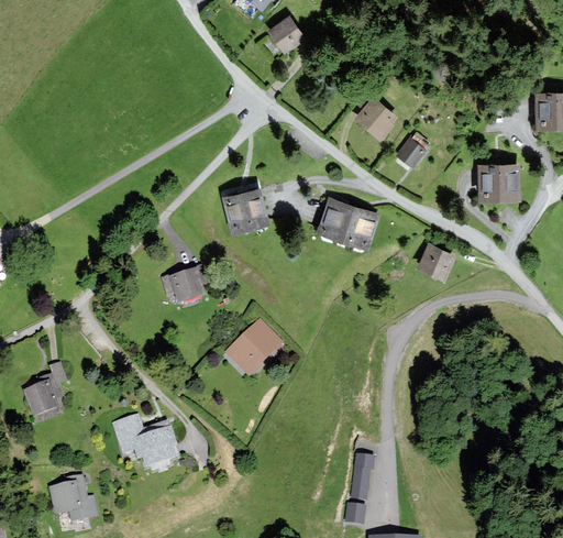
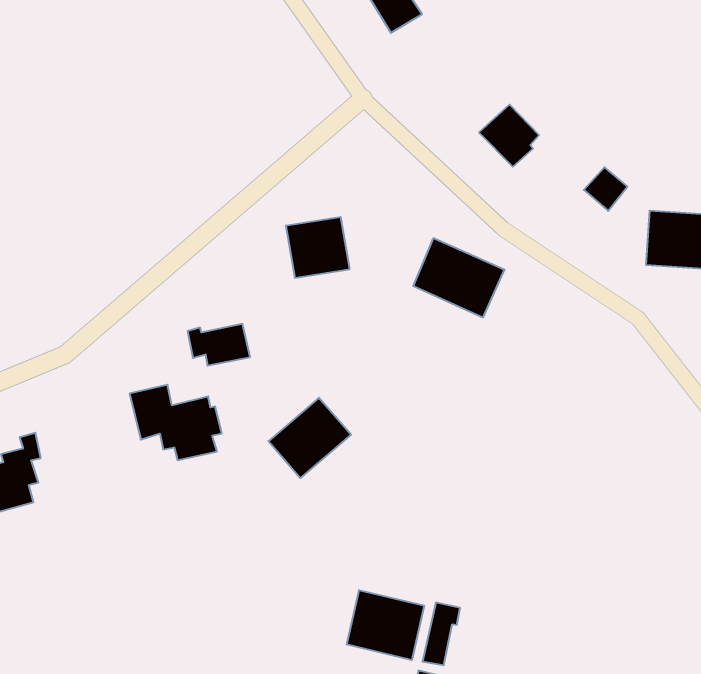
building: [394,138,424,168] -> [584,167,627,211]
building: [418,242,457,279] -> none
building: [110,414,178,466] -> [130,385,222,460]
building: none -> [347,590,424,660]
building: [49,475,97,519] -> none

